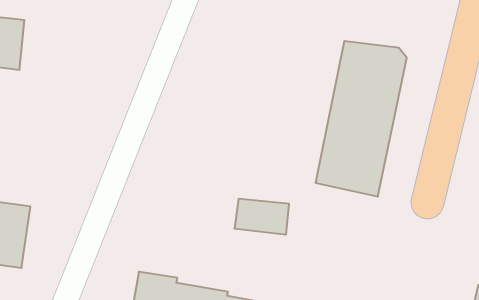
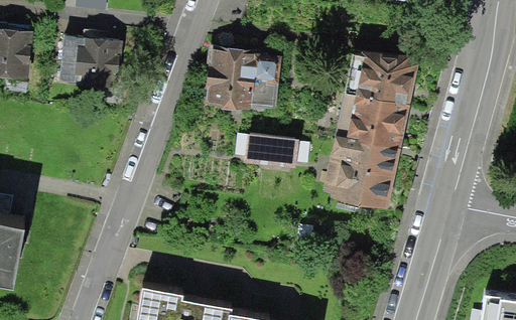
building: none -> [54,36,123,87]
building: none -> [204,49,277,110]
building: [234,199,289,235] -> [239,132,294,168]

